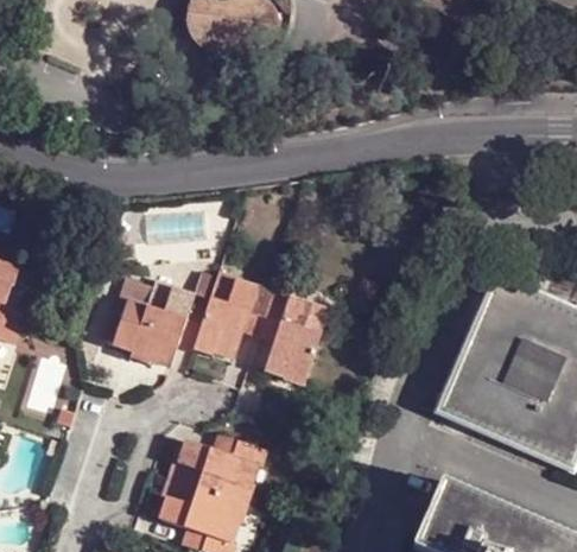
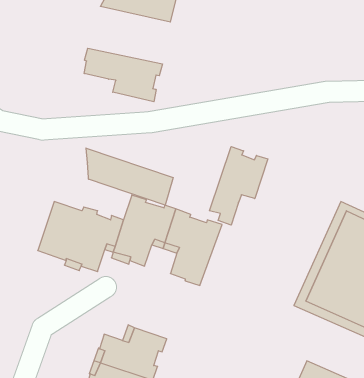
building: none -> [84,48,162,102]
building: none -> [209,147,268,225]
building: none -> [86,148,173,205]

